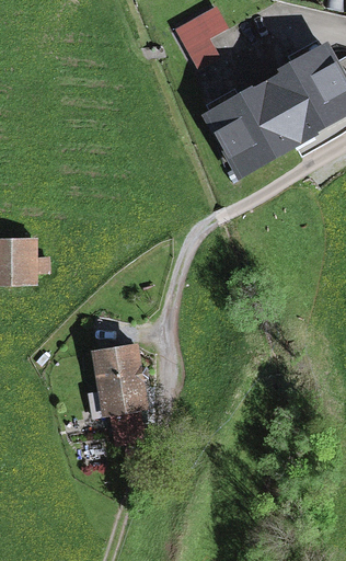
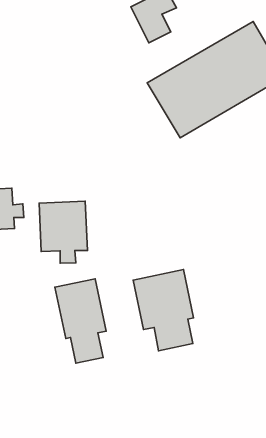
building: none -> [39,201,87,263]
building: none -> [133,269,194,351]

